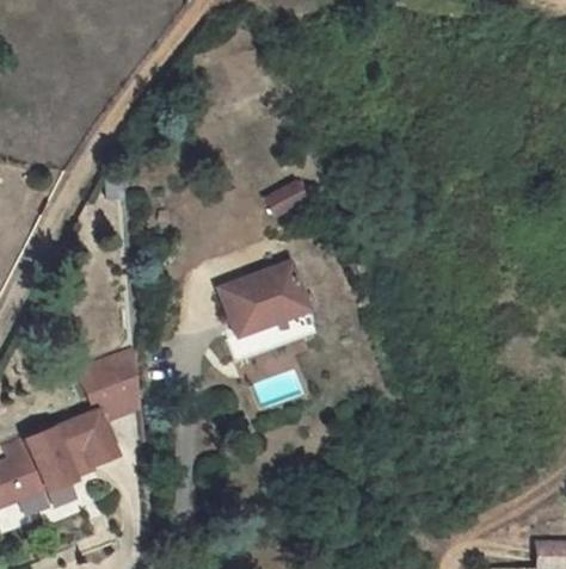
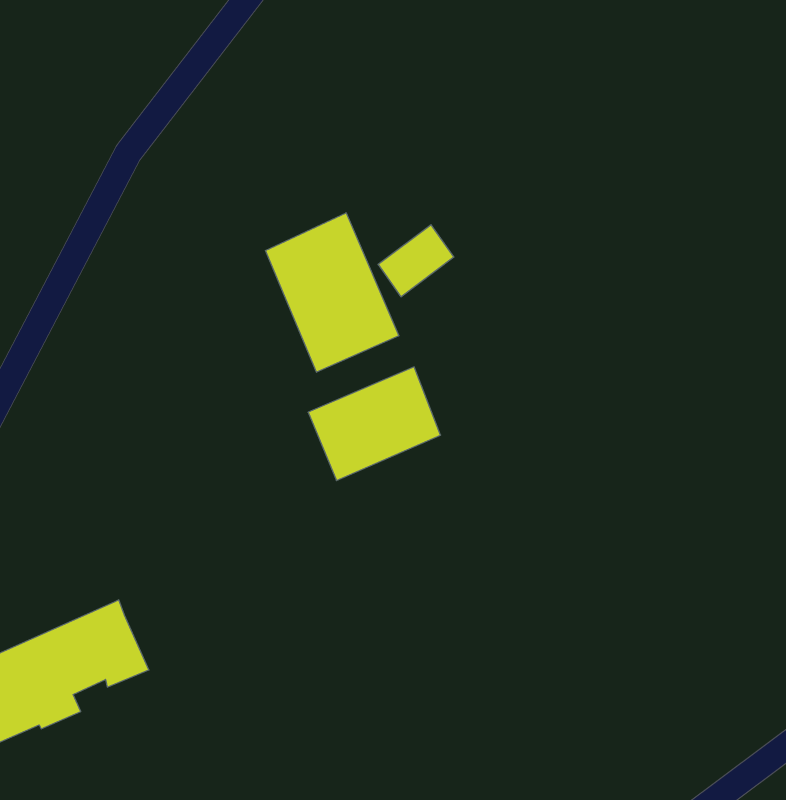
building: none -> [265,213,399,372]
building: [80,353,136,421] -> none

